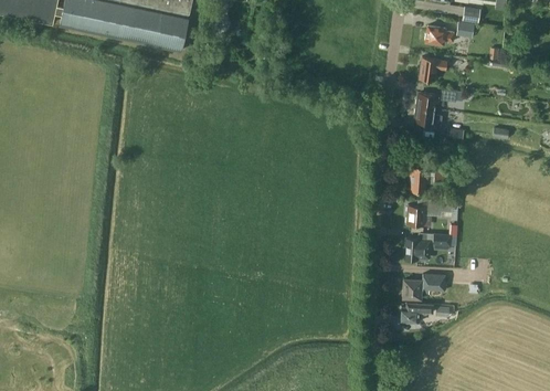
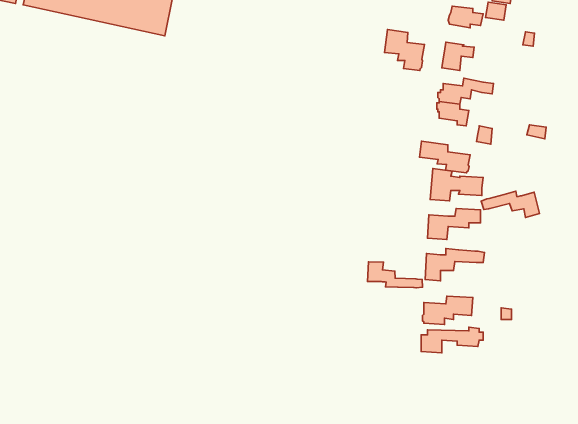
building: none -> [384,30,424,70]
building: none -> [420,141,470,173]
building: none -> [481,191,539,217]
building: none -> [368,262,422,288]

